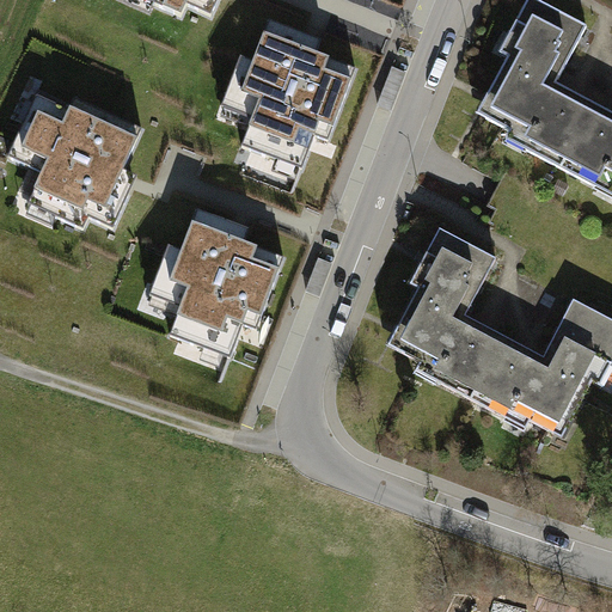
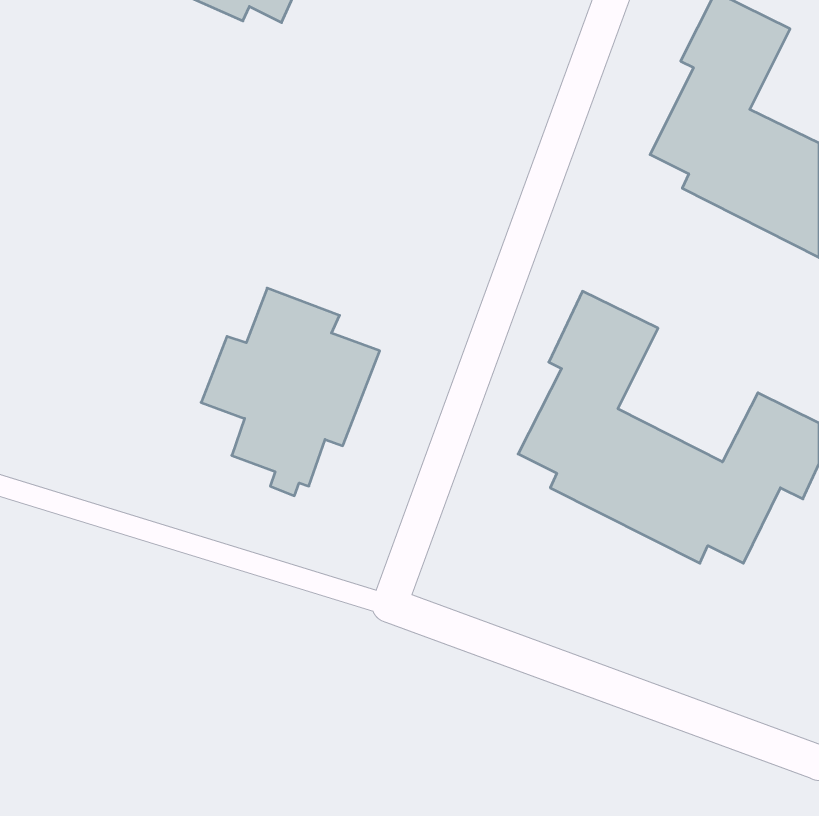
building: [222,25,355,178] -> none
building: [8,98,140,231] -> none

